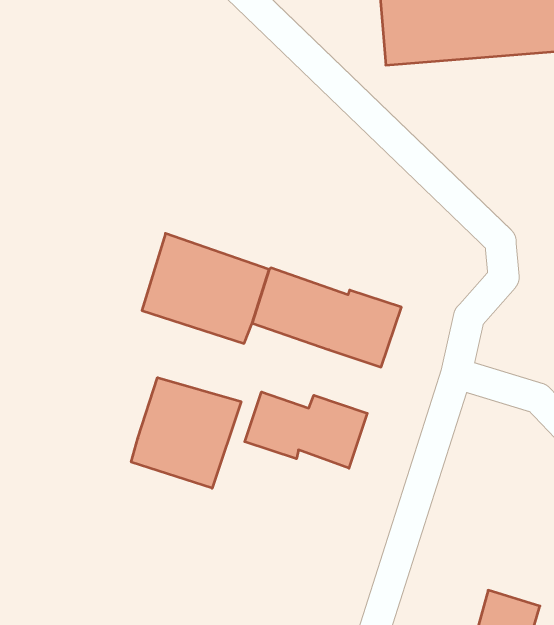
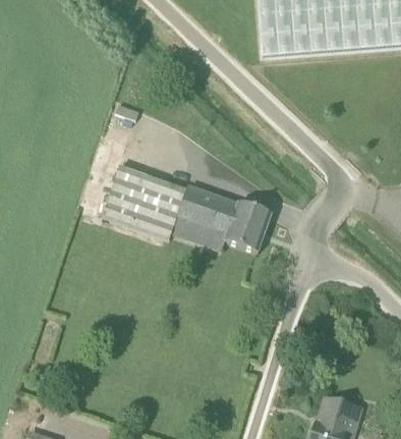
building: [131,378,241,488] -> none
building: [245,392,367,468] -> none

